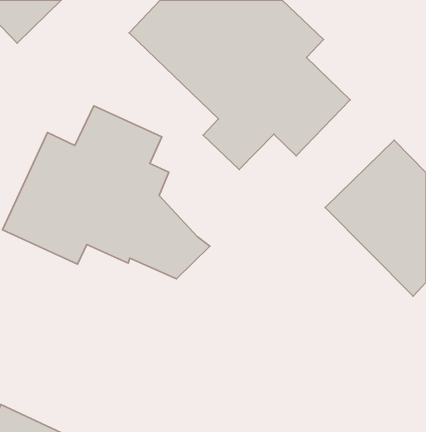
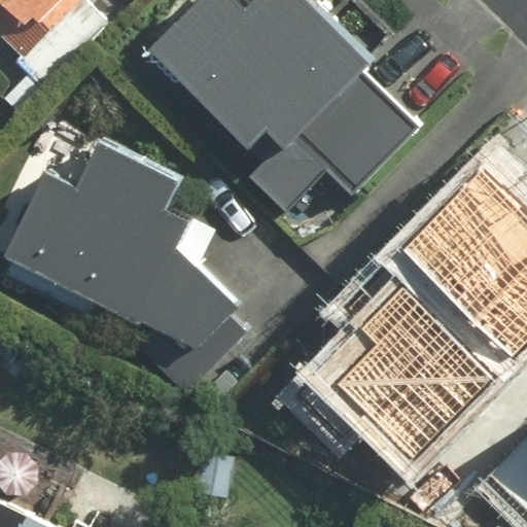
building: none -> [327,294,470,457]

